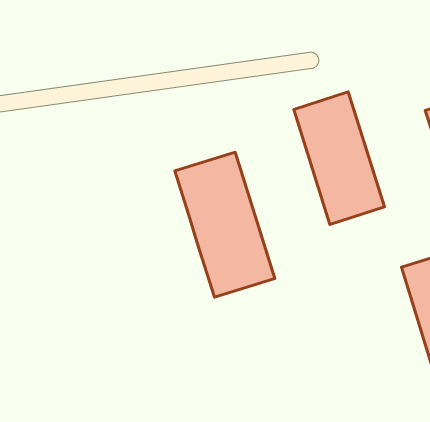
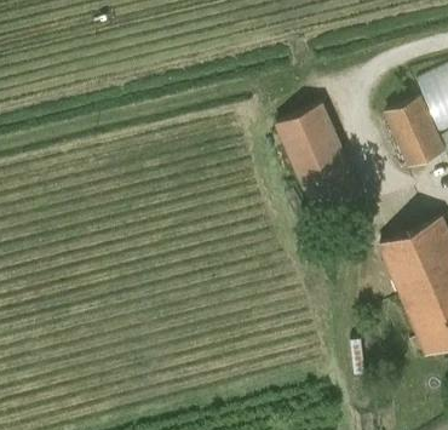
building: [175,152,275,297] -> none

